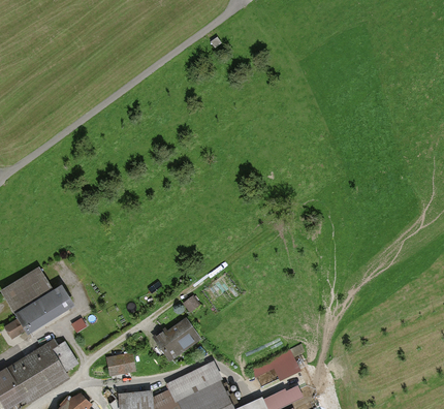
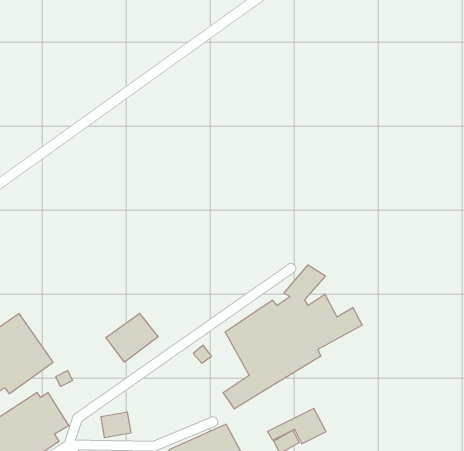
building: none -> [223,265,362,409]
building: [159,318,203,359] -> [106,313,158,362]

